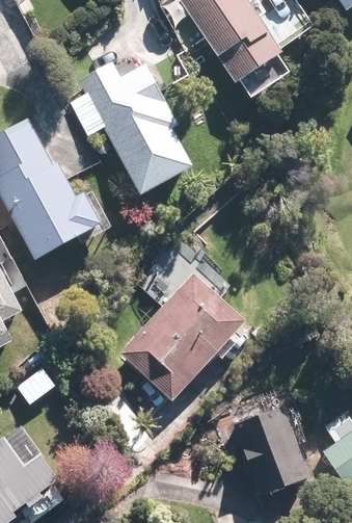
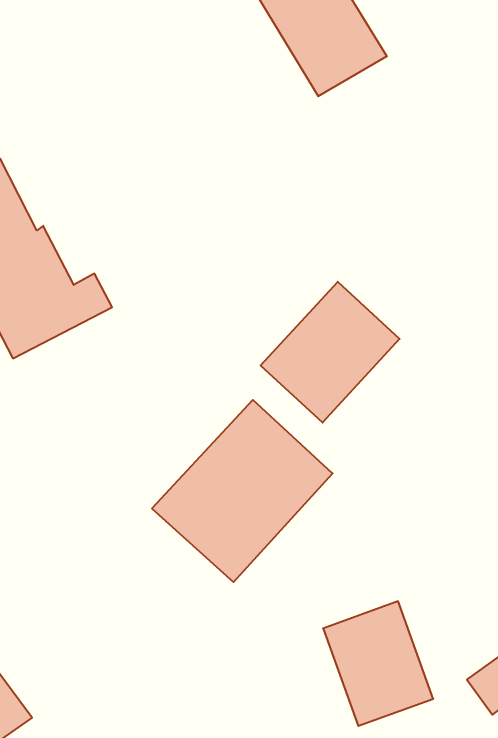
building: [81,64,181,191] -> none
building: none -> [261,282,400,423]

